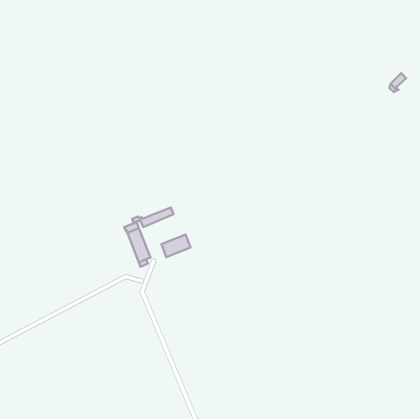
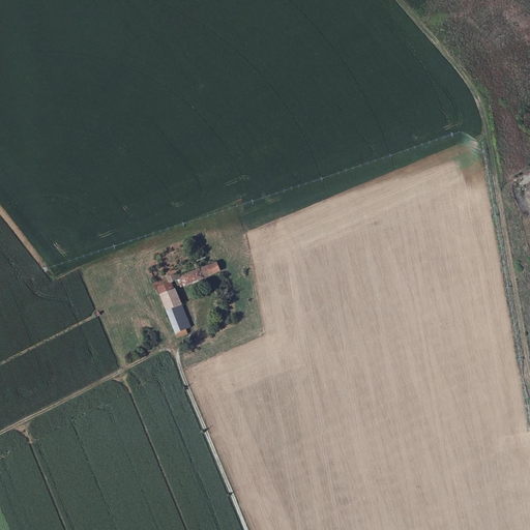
building: [161,234,190,257] -> none

